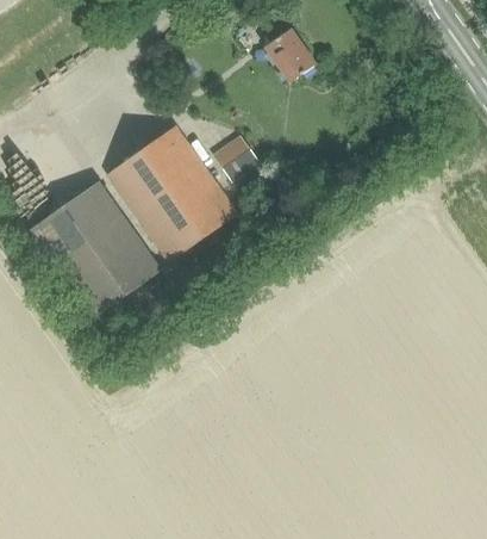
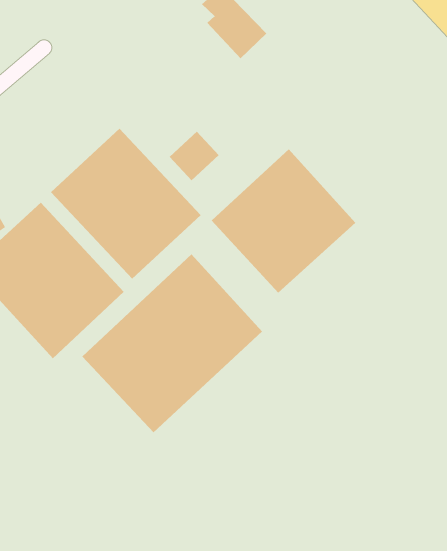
building: none -> [211,148,356,294]
building: none -> [82,253,263,433]

